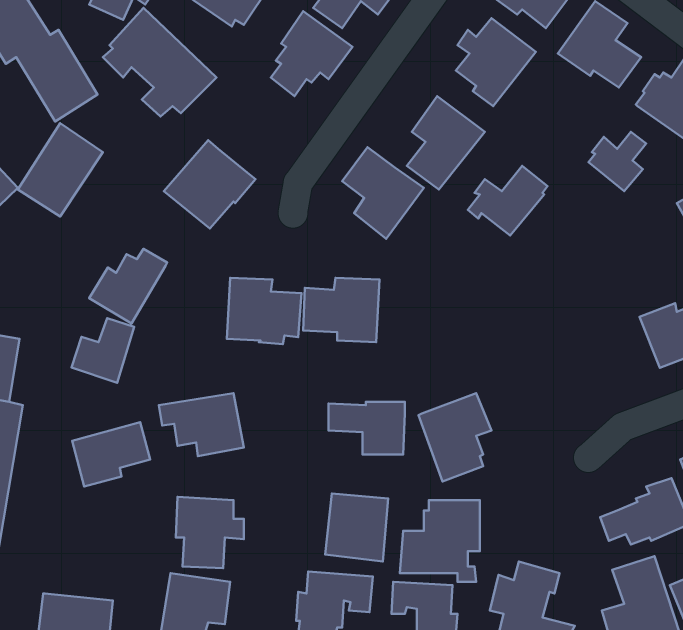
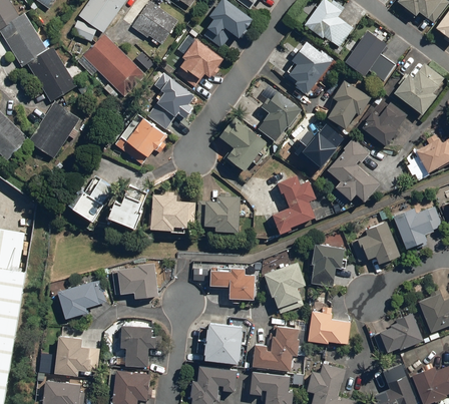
building: none -> [145,76,197,132]
building: none -> [326,78,372,130]
building: none -> [328,139,382,201]
building: none -> [268,176,311,235]
building: [71,318,134,383] -> [111,188,148,227]
building: none -> [358,222,400,263]
building: none -> [311,245,344,286]
building: none -> [306,310,343,342]
building: none -> [54,335,97,376]

